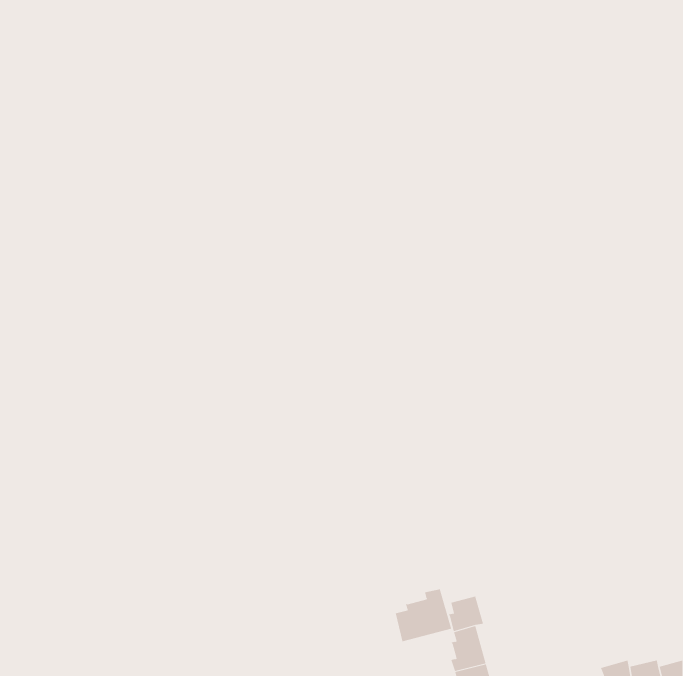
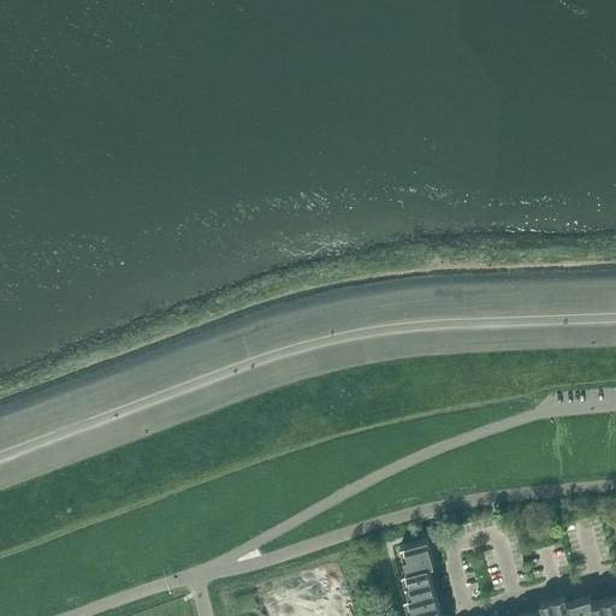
building: [395,589,452,642] -> none

